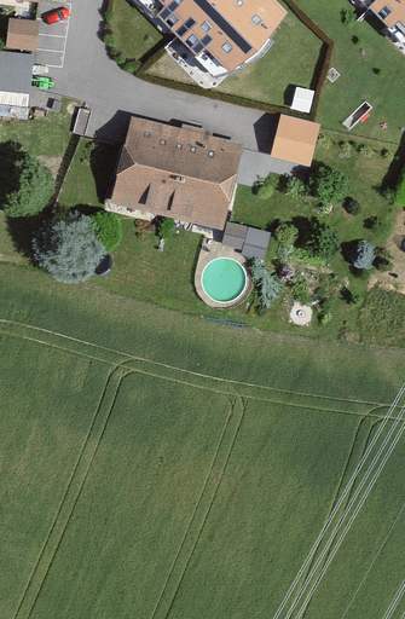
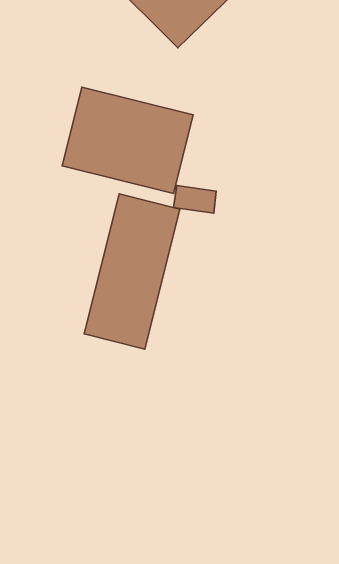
building: [270,112,320,166] -> none
building: none -> [84,194,180,349]

